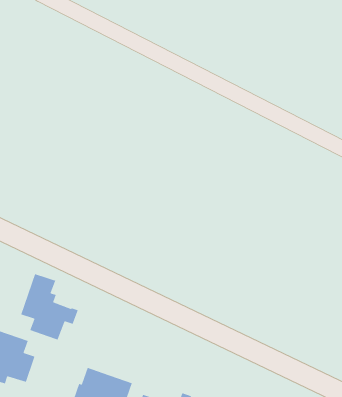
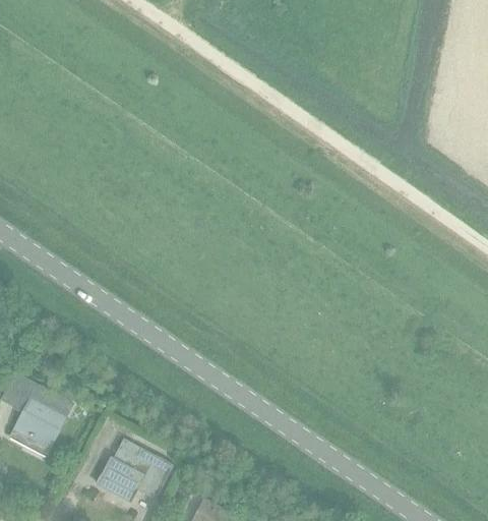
building: [20,273,79,341] -> none

